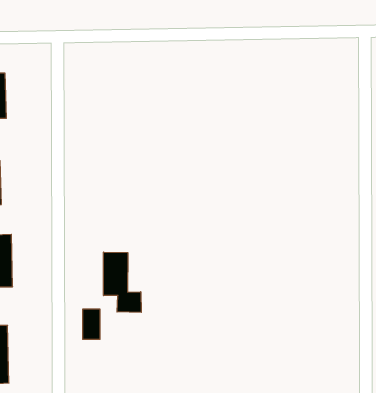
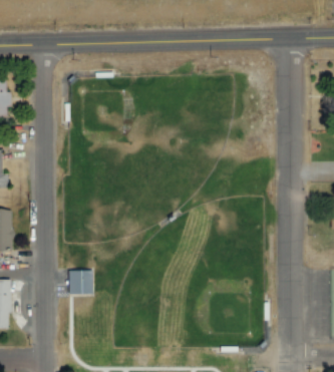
building: [104,252,141,312] -> none

